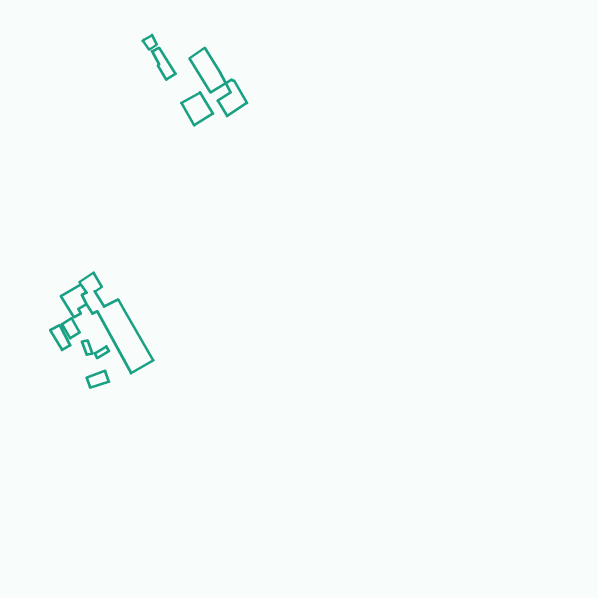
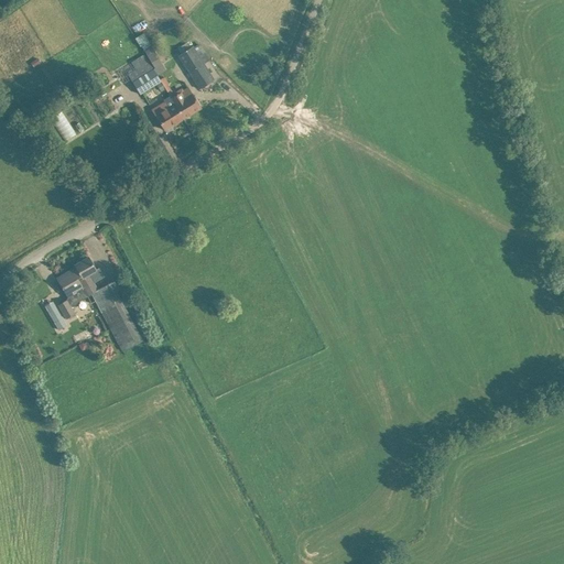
building: none -> [128,62,161,94]
building: [218,80,247,116] -> [155,96,183,130]

